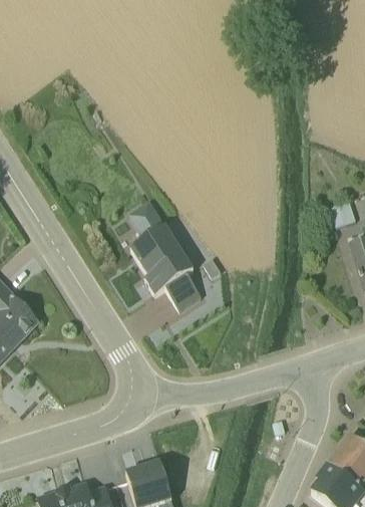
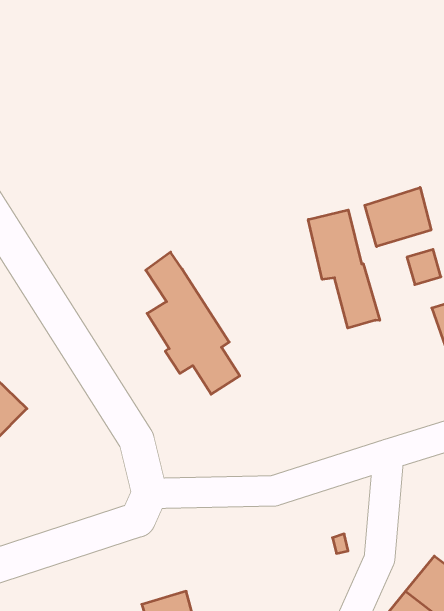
building: none -> [365,187,431,247]
building: none -> [308,210,380,328]

